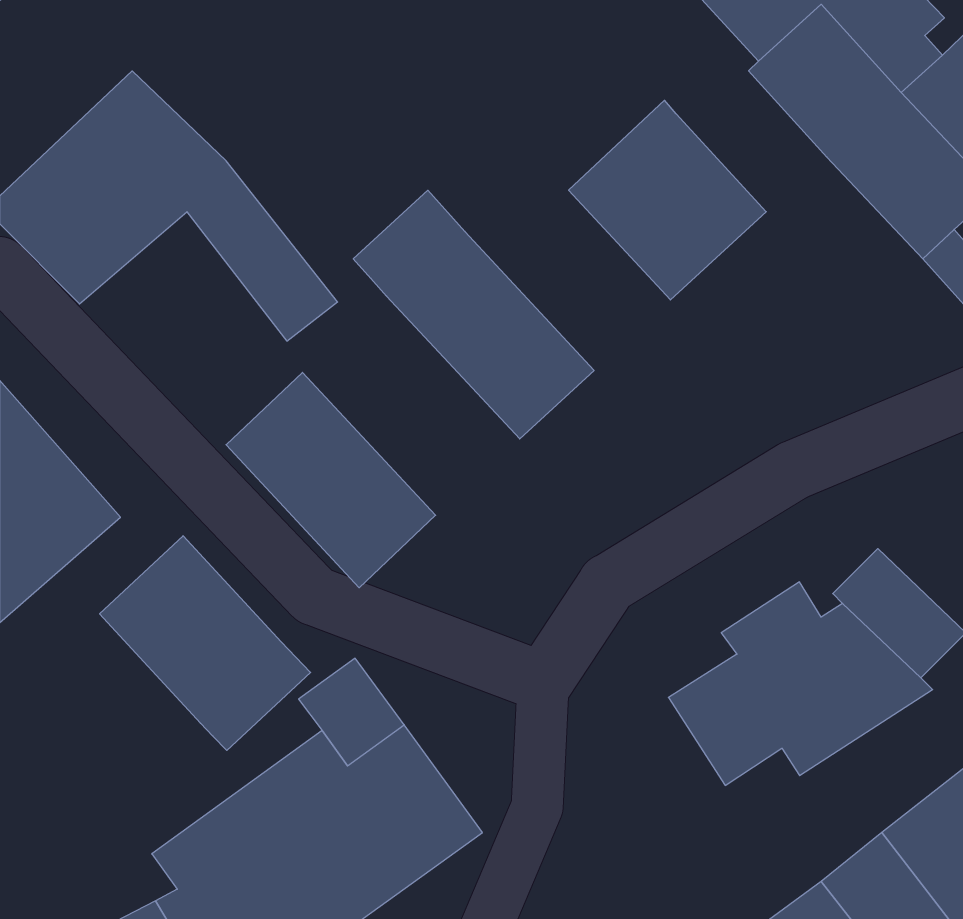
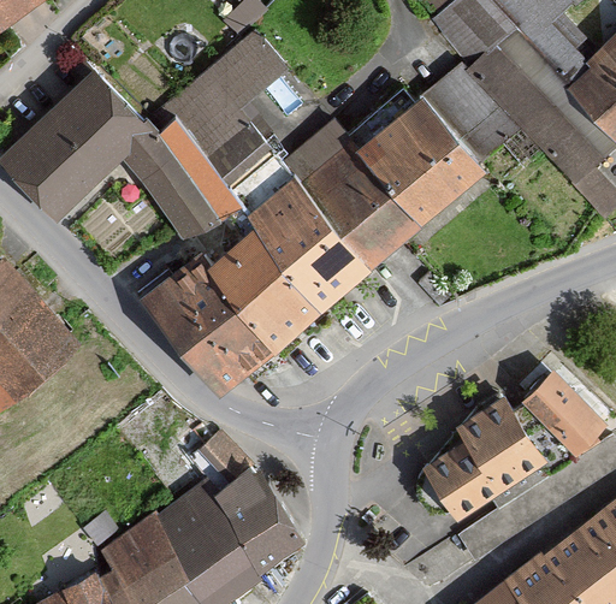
building: none -> [147,36,288,215]
building: none -> [424,66,516,160]
building: none -> [294,129,420,257]
building: none -> [194,212,327,347]
building: [100,536,311,750] -> none

